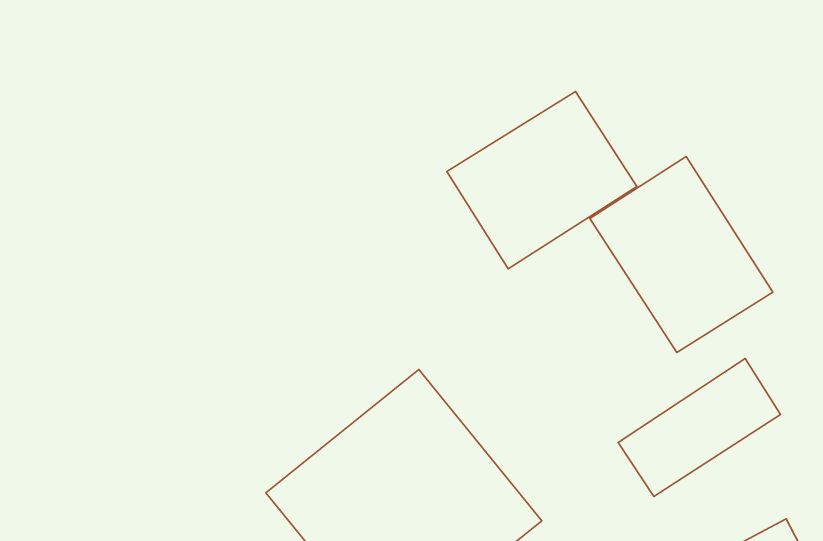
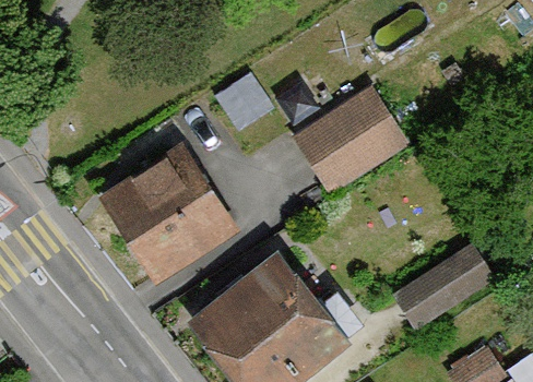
building: [590,156,773,352] -> none
building: none -> [100,147,235,283]

